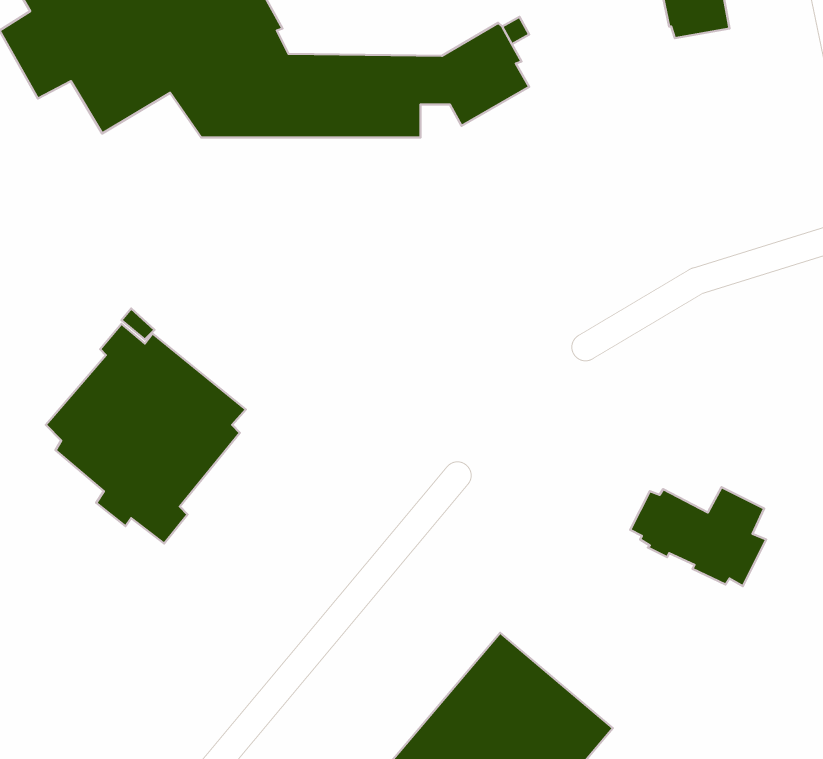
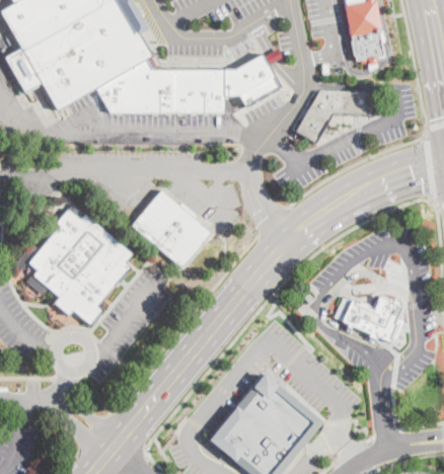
building: none -> [297,91,378,143]
building: none -> [130,189,210,267]

